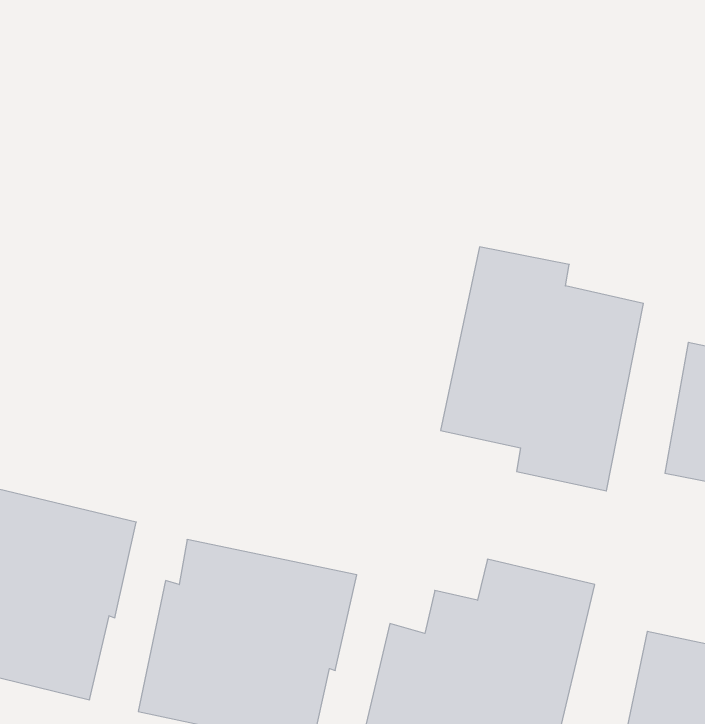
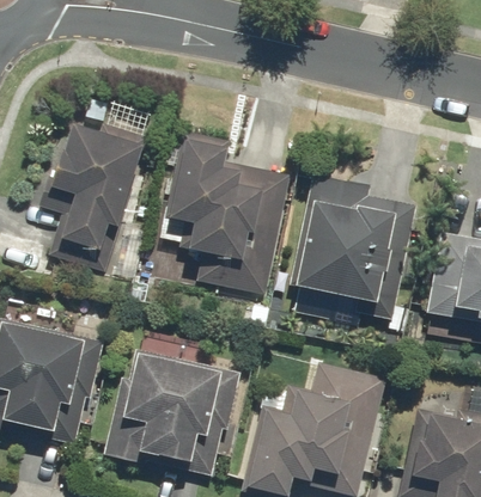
building: none -> [39,115,147,266]
building: none -> [168,128,290,294]

